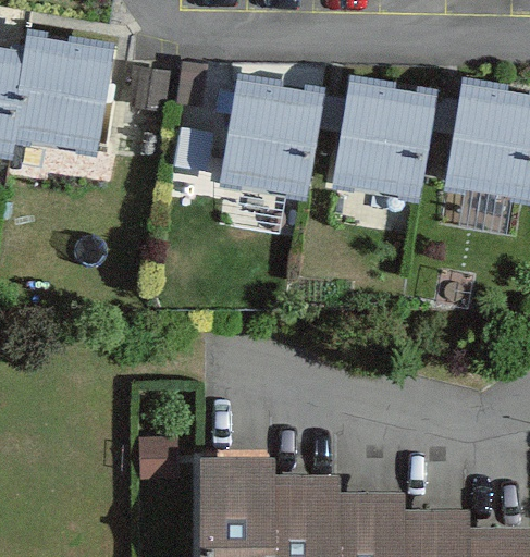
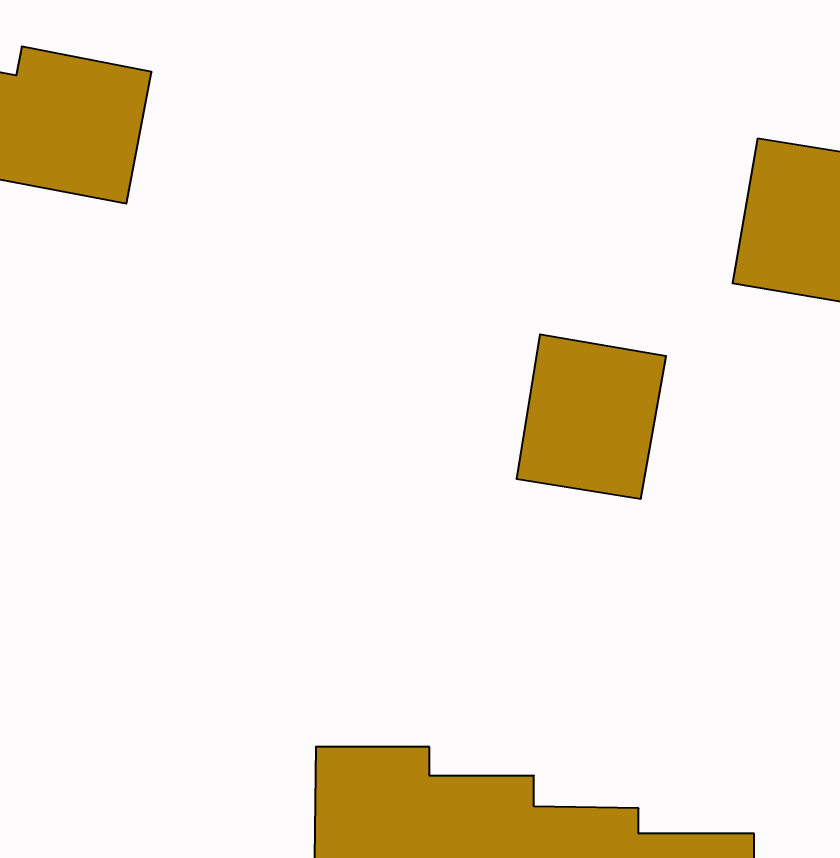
building: [336,89,427,188] -> [516,334,666,499]
building: [224,90,311,184] -> none

